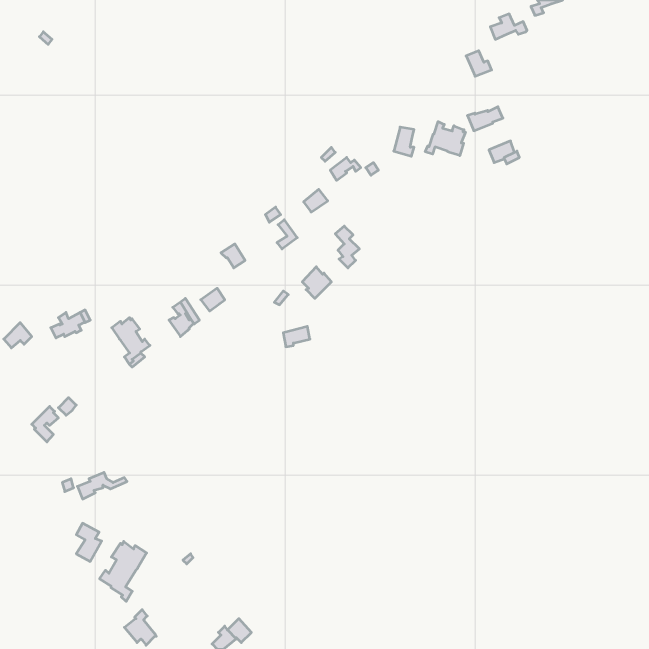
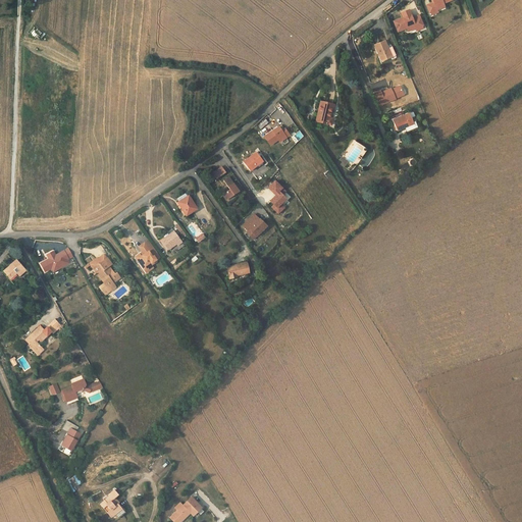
building: [425,122,465,156] -> none
building: [100,541,147,601] -> none

